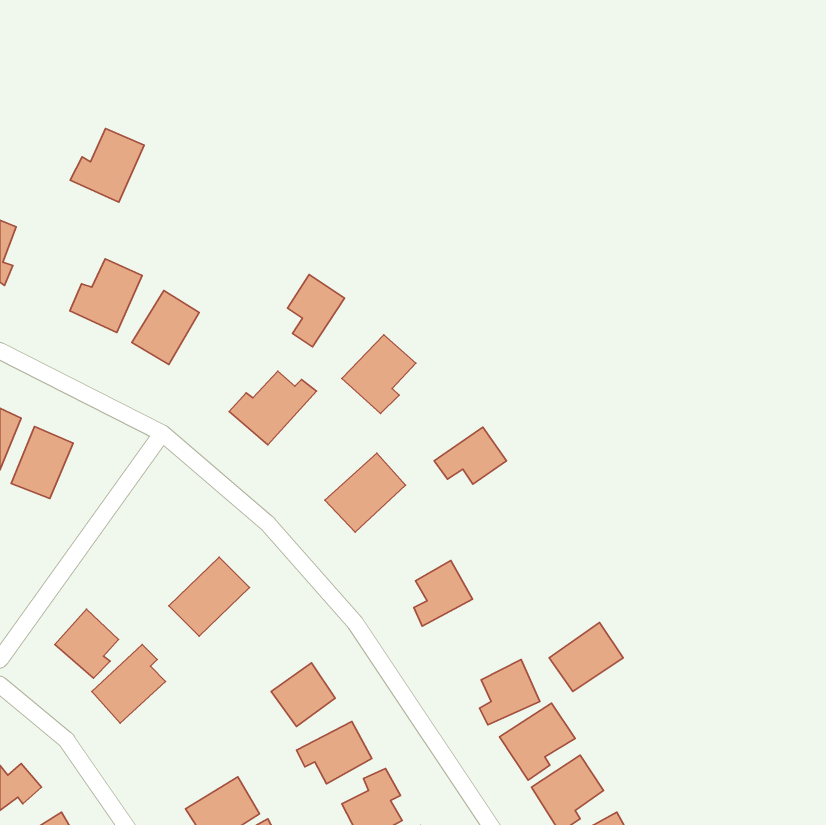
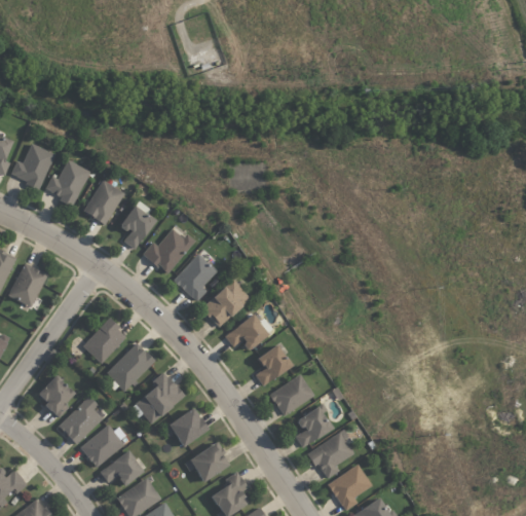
building: [70,128,144,202] -> [9,144,54,189]
building: [287,275,345,347] -> [119,206,154,250]
building: [342,335,416,414] -> [172,254,217,302]
building: [434,427,506,484] -> [223,316,267,351]
building: none -> [82,319,126,364]
building: none -> [136,372,183,423]
building: [549,623,623,691] -> [268,374,313,416]
building: none -> [79,425,123,469]
building: none -> [99,451,142,486]

